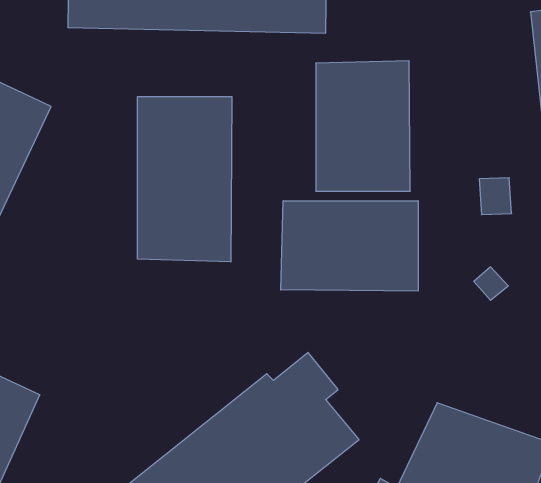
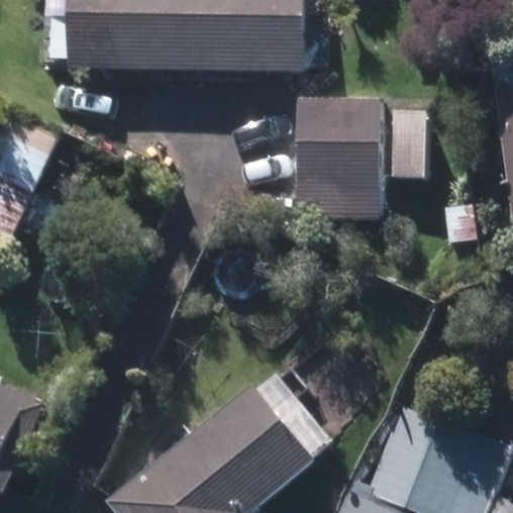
building: [138,97,232,262] -> none
building: [281,201,418,291] -> none

